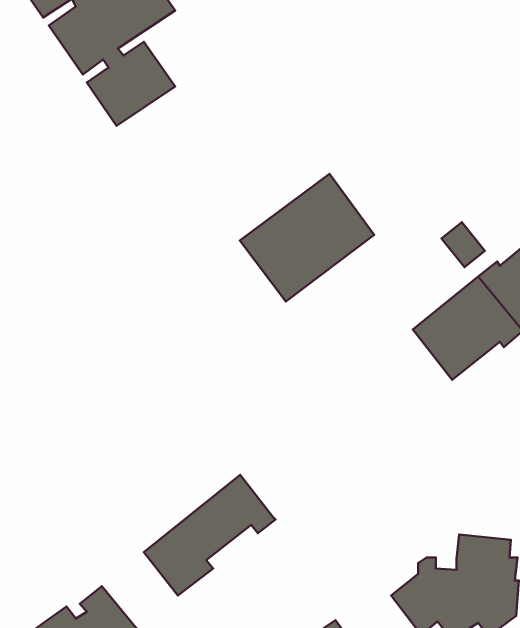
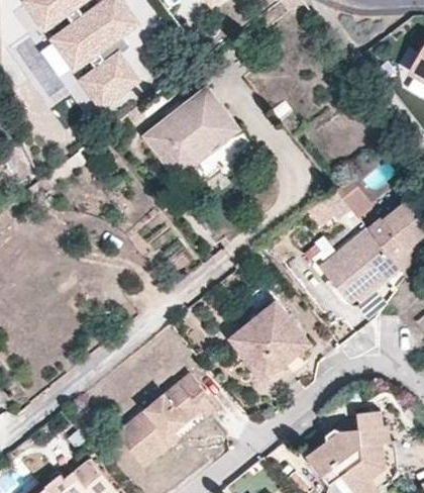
building: [240,174,374,301] -> [137,85,237,180]
building: none -> [231,302,311,382]

